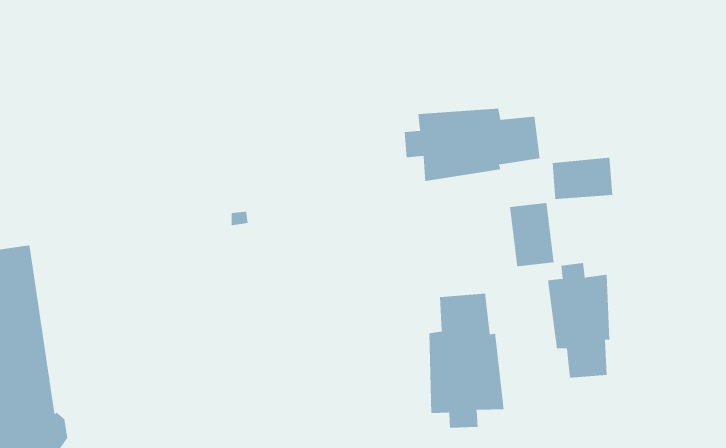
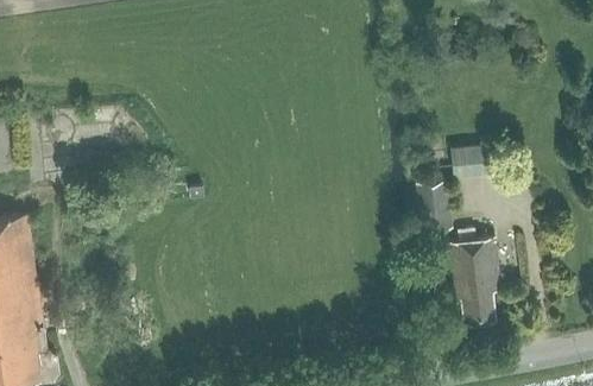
building: [404,108,540,182] -> none
building: [429,293,504,429] -> none

